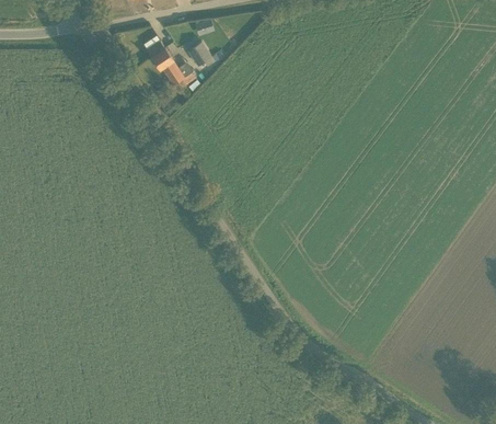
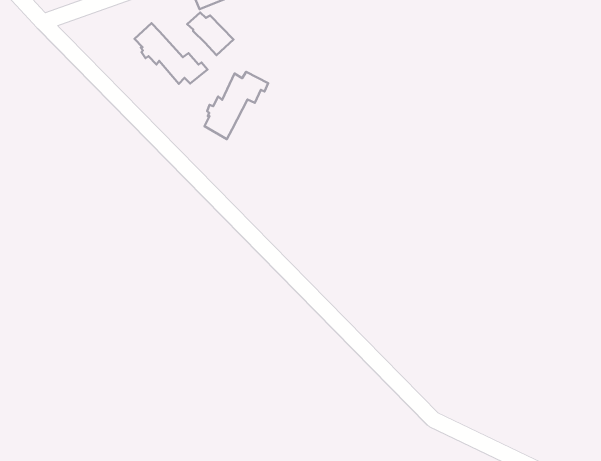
building: none -> [205,72,268,139]

